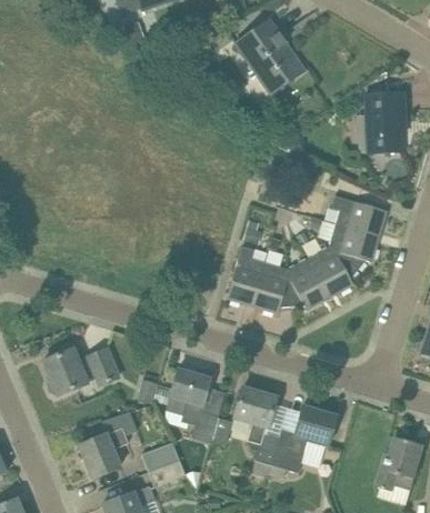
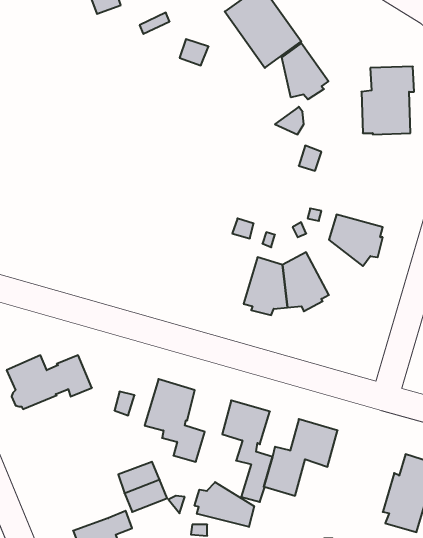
building: none -> [282,43,328,99]
building: [330,195,386,234] -> none
building: [226,245,264,302] -> none
building: [308,245,358,294] -> none
building: [78,410,136,477] -> none
building: none -> [195,482,254,527]

